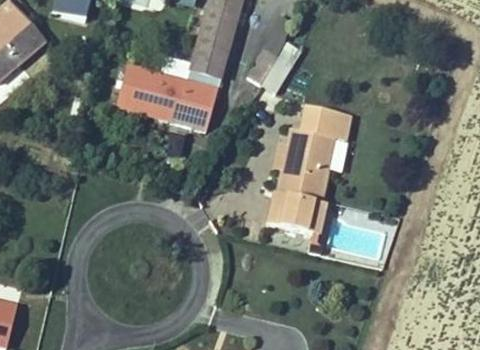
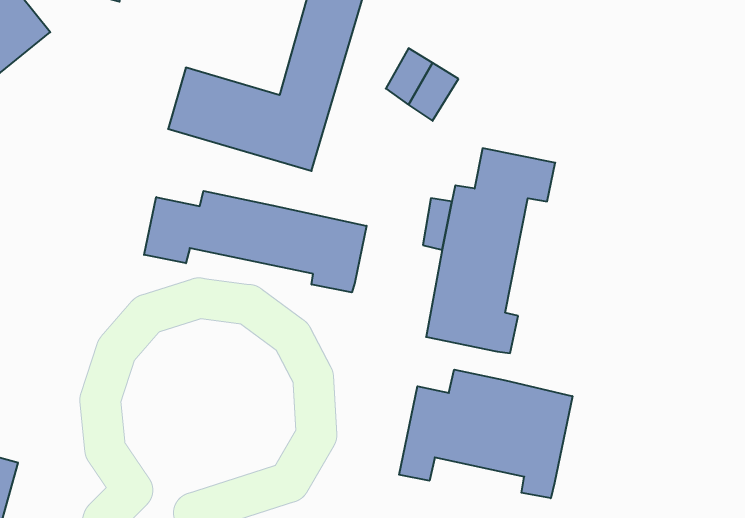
building: none -> [144,191,367,292]
building: none -> [399,370,572,498]

